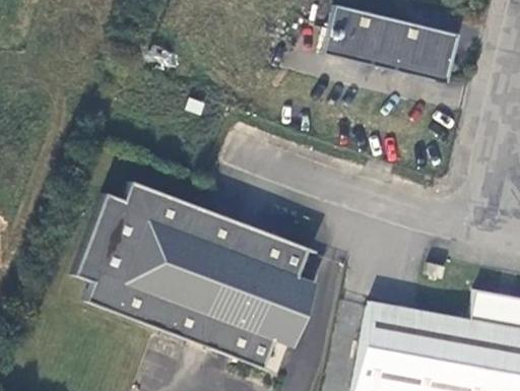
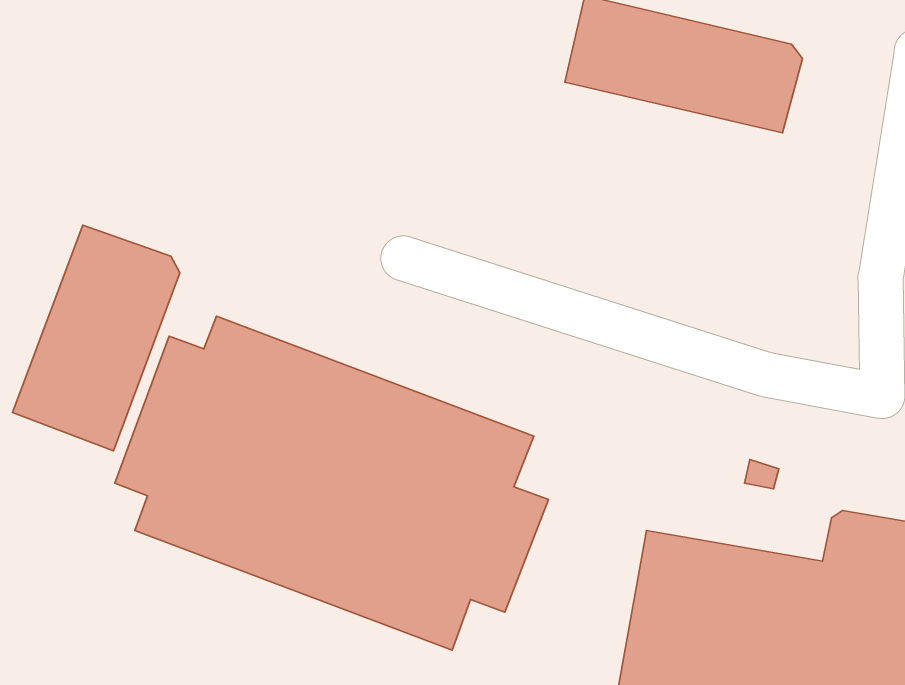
building: none -> [12,225,180,451]

